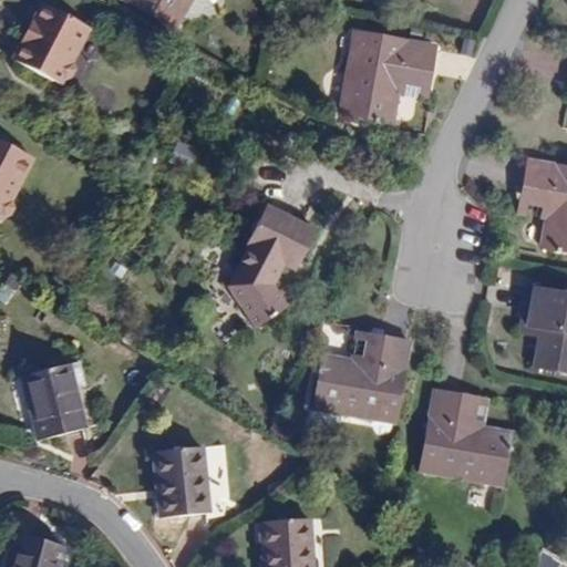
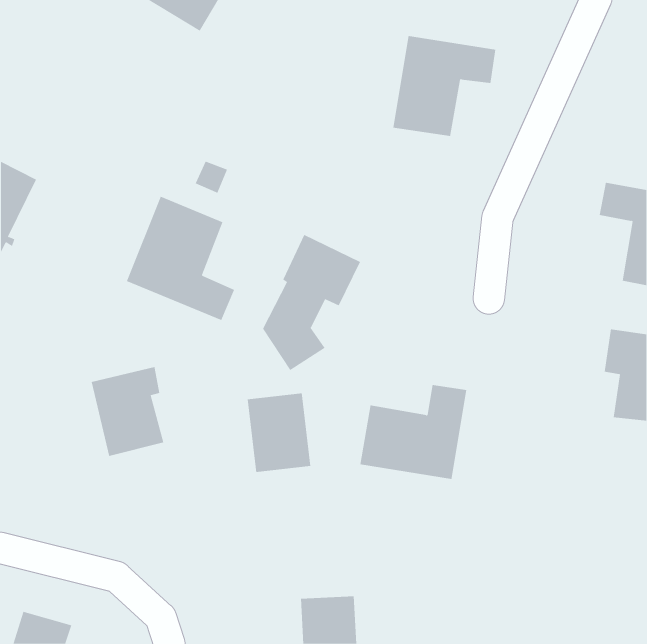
building: [16,4,89,82] -> none
building: none -> [126,196,235,321]
building: [22,363,86,442] -> [91,367,164,456]
building: [422,391,511,482] -> none
building: [154,447,210,517] -> [247,393,311,472]

